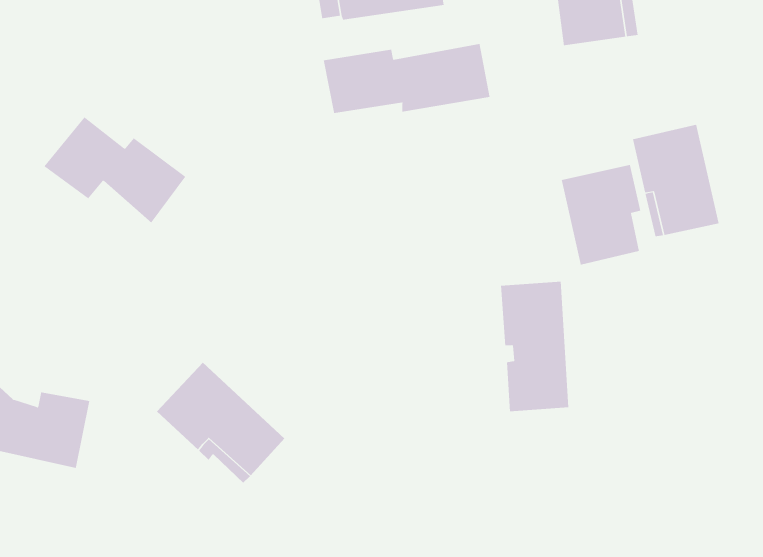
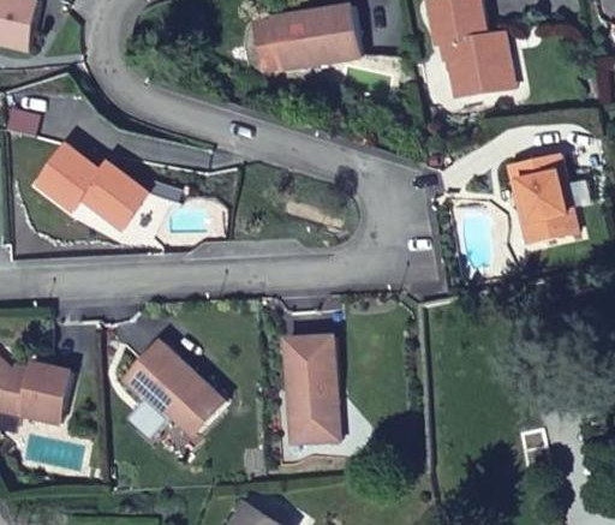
building: [323,43,490,114] -> none
building: [561,164,641,265] -> none
building: [500,281,569,412] -> [282,335,338,440]

